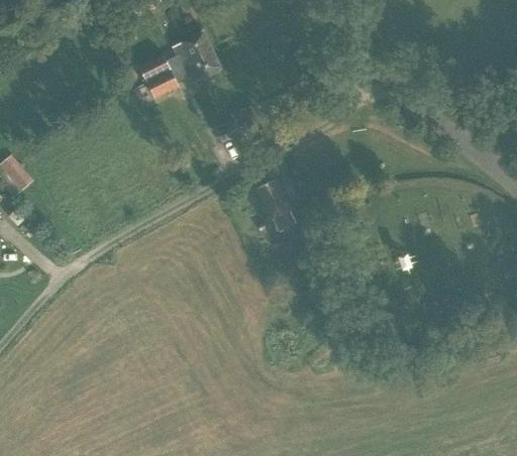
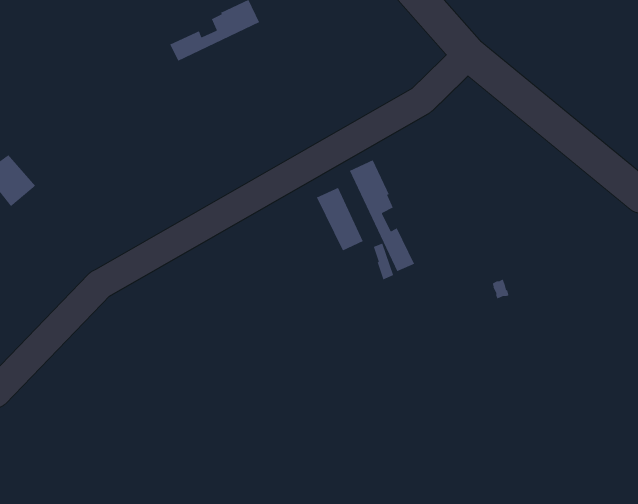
building: [145,49,220,97] -> none
building: none -> [349,159,415,272]

